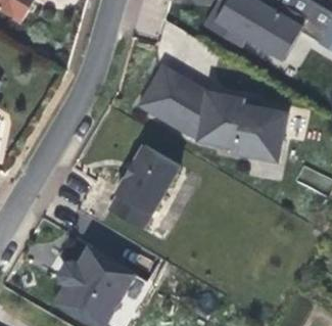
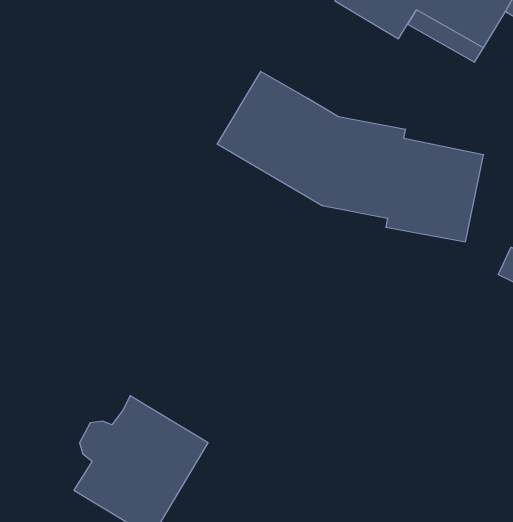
building: [108,145,180,230] -> none

